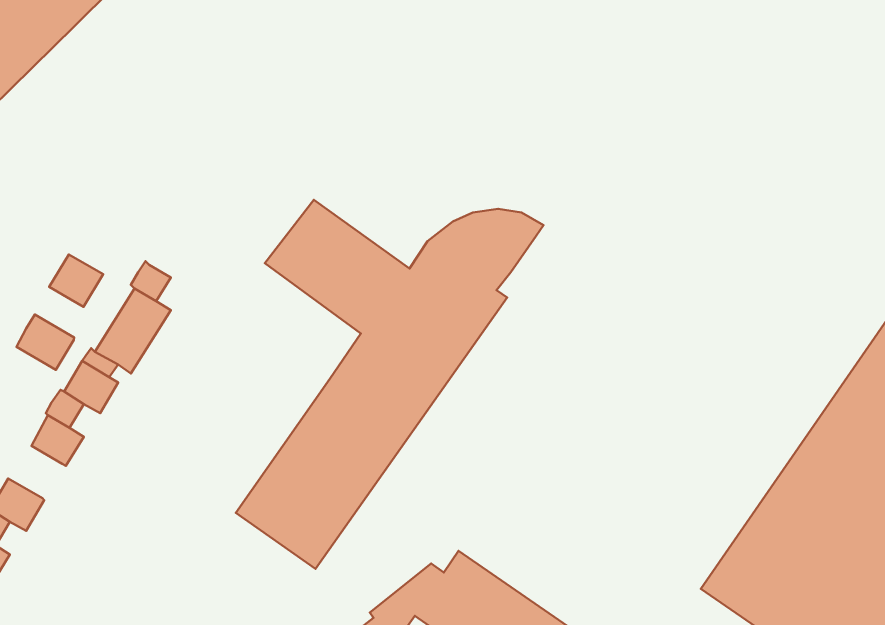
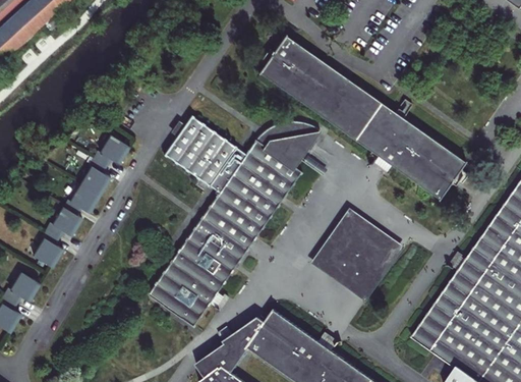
building: none -> [257,35,463,198]
building: [49,254,103,307] -> [100,134,130,164]
building: [17,315,74,370] -> none
building: none -> [307,208,400,299]

